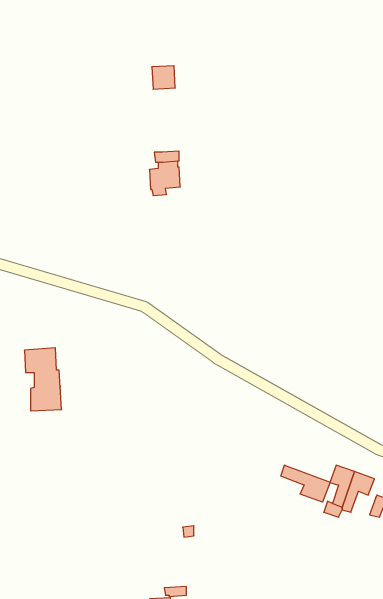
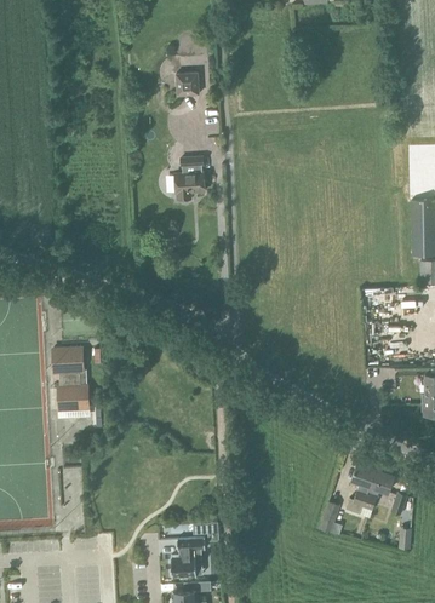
building: [281,465,330,502] -> none
building: none -> [171,539,204,578]

